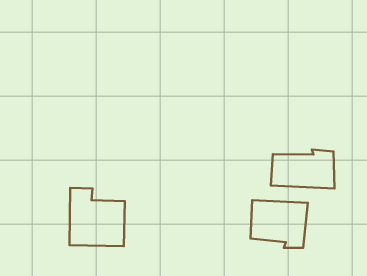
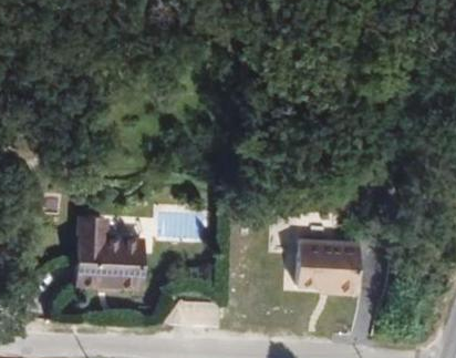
building: [271,150,334,189] -> none

